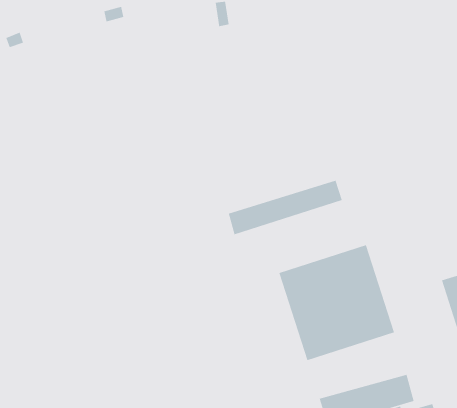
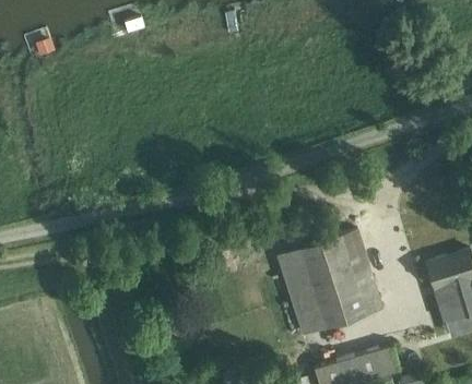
building: [228,180,343,235] -> none

